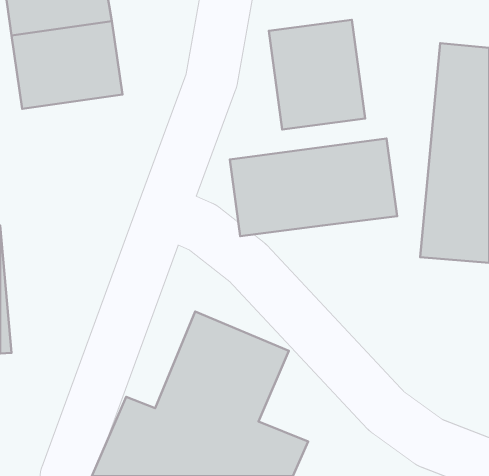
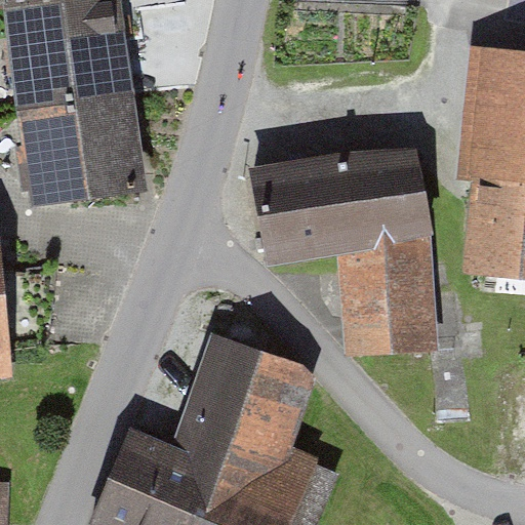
building: [269,20,365,129] -> none
building: none -> [24,102,145,210]
building: none -> [346,230,437,354]

